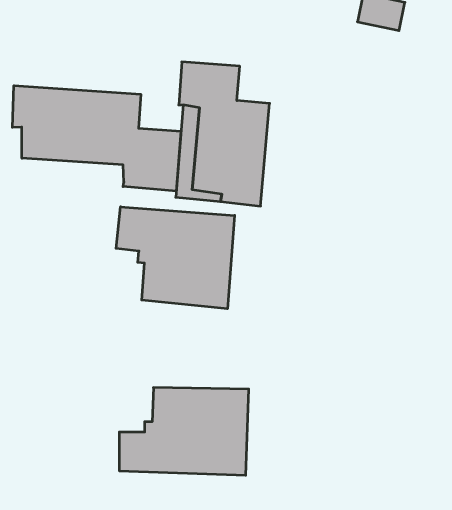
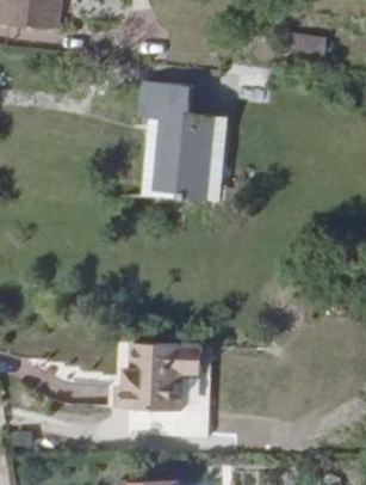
building: [12,86,181,191] -> none
building: [116,207,235,309] -> none

